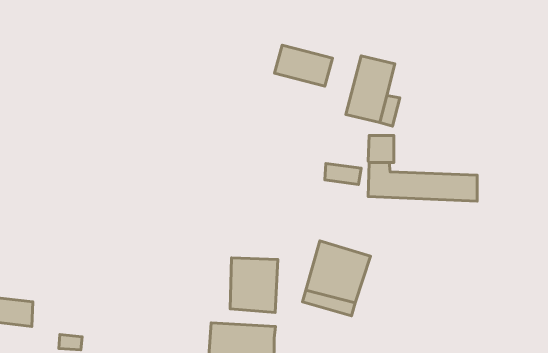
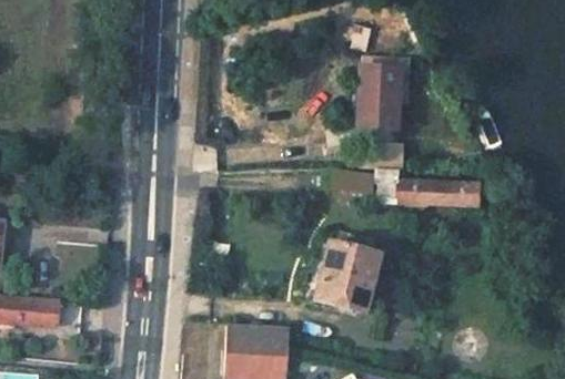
building: [274,45,333,86] -> none
building: [230,258,278,313] -> none

